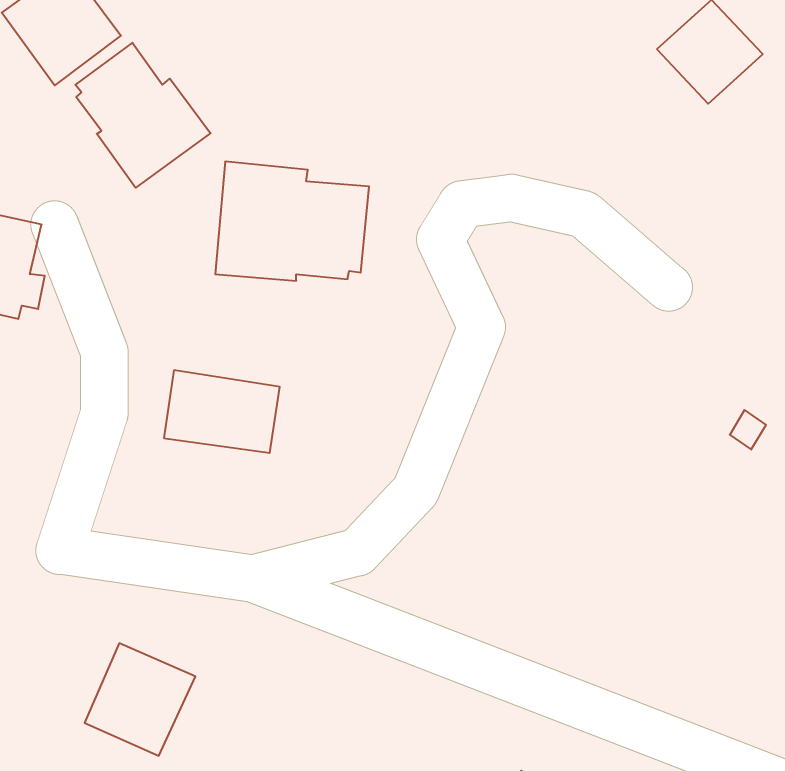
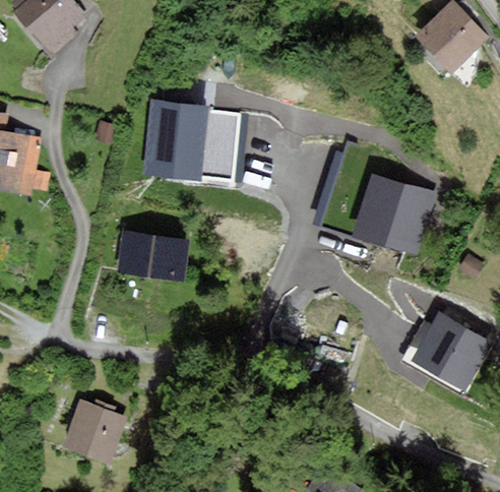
building: [75,43,211,188] -> none
building: none -> [355,176,429,246]
building: none -> [413,313,488,385]

